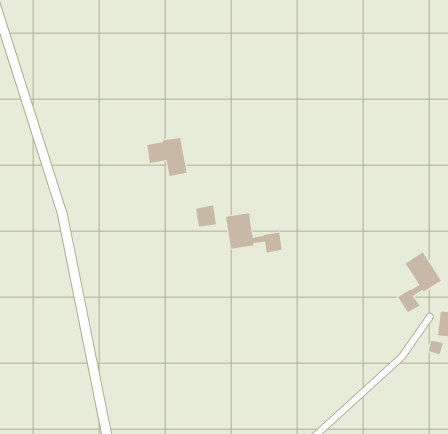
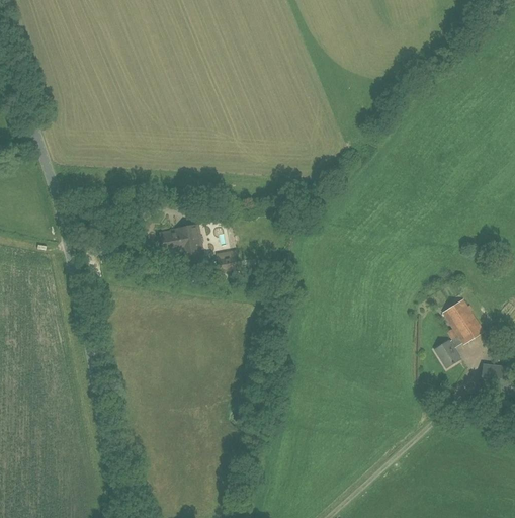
building: [146,137,187,177] -> [159,224,203,266]
building: [225,212,282,253] -> none

